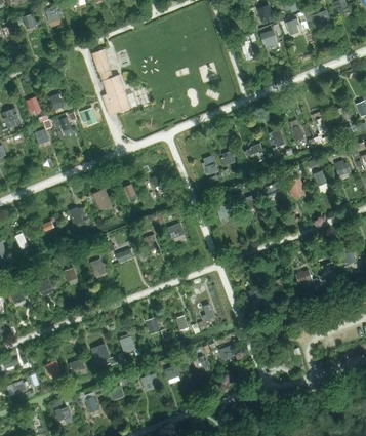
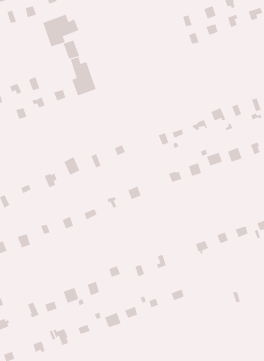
building: none -> [42,14,79,47]

